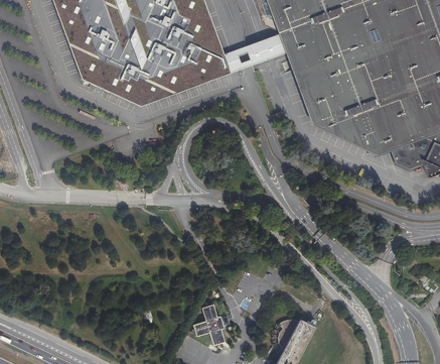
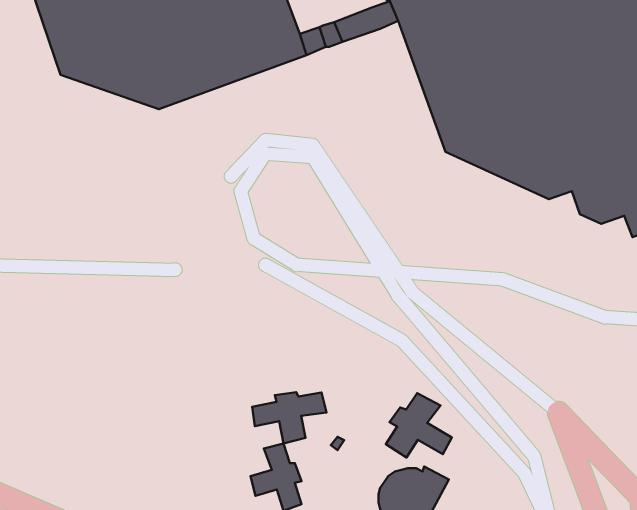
building: none -> [252,392,326,443]
building: none -> [386,393,452,458]

